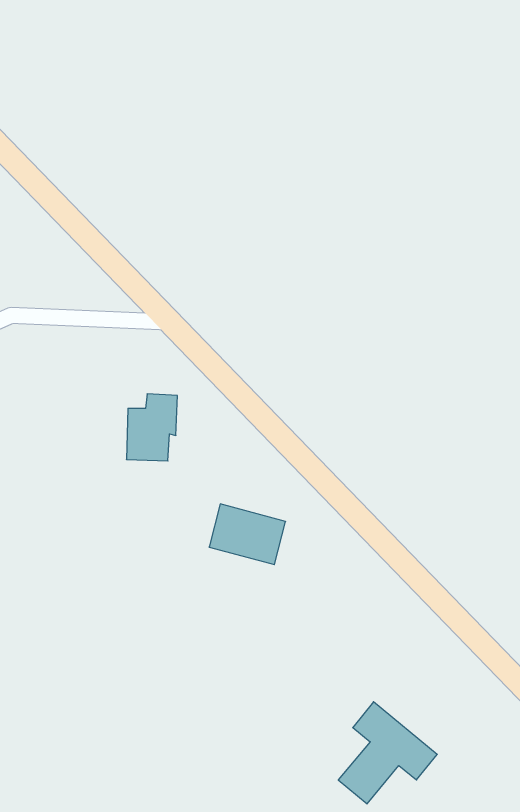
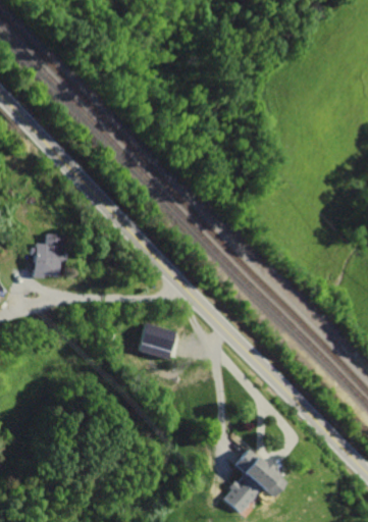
building: [126,394,177,461] -> [33,234,65,277]

